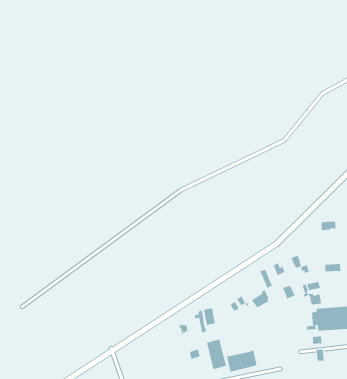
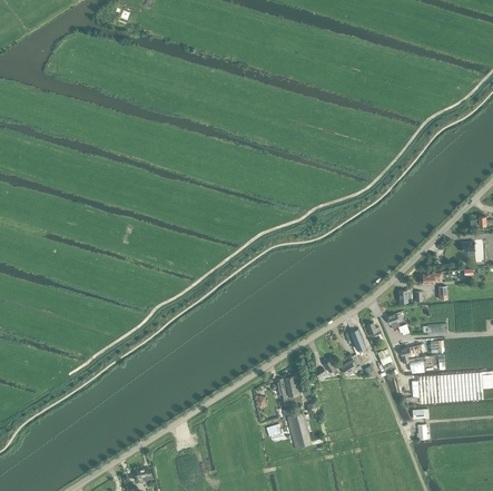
building: [227,350,257,372] -> none

